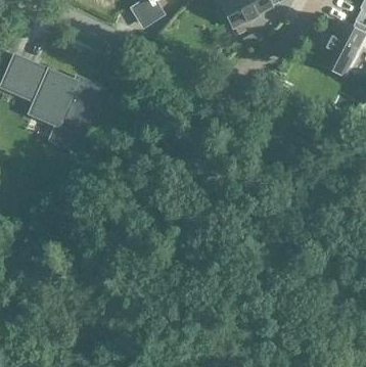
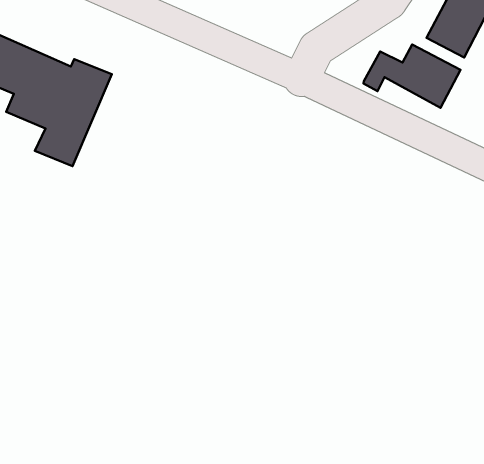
building: none -> [363,45,460,108]

